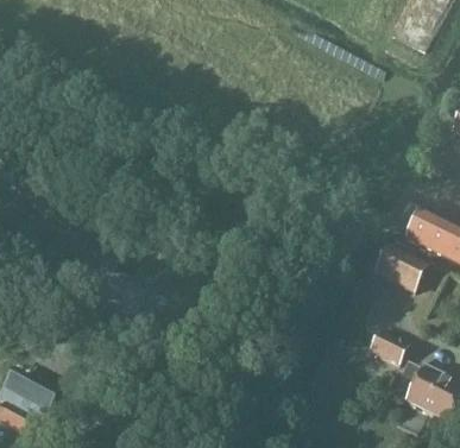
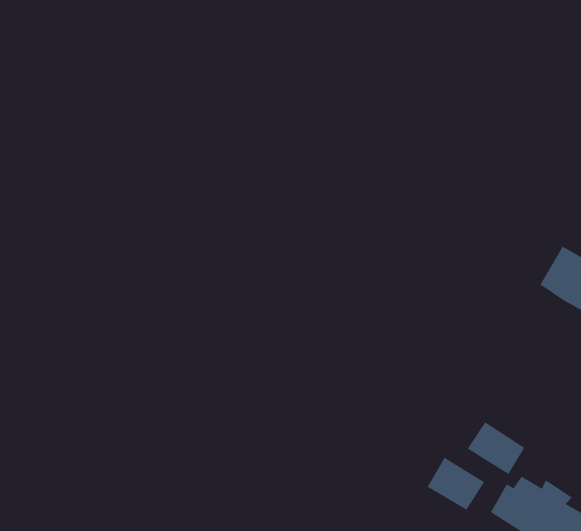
building: [376,247,426,290] -> none
building: none -> [427,457,485,511]

